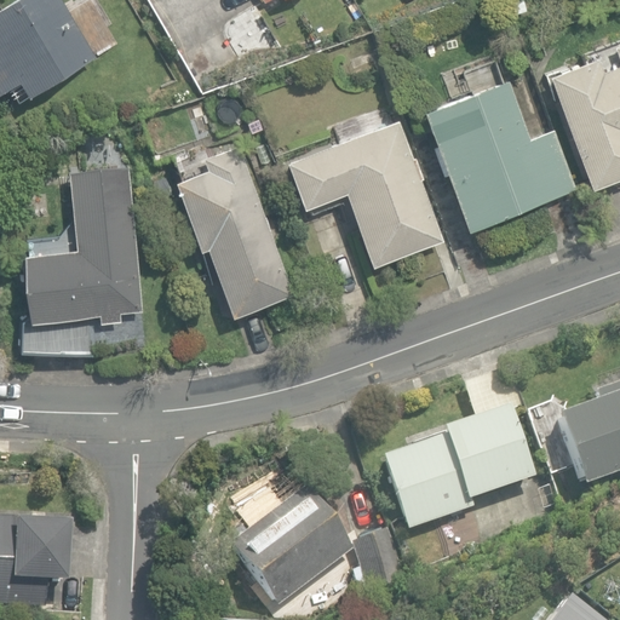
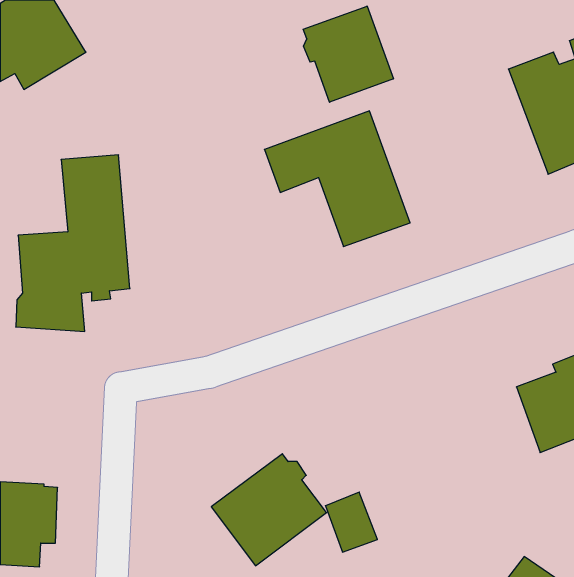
building: none -> [303,6,393,102]
building: [423,80,576,229] -> none
building: [174,147,293,316] -> none
building: [383,366,534,530] -> none

